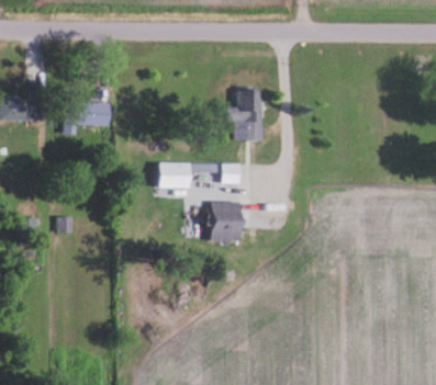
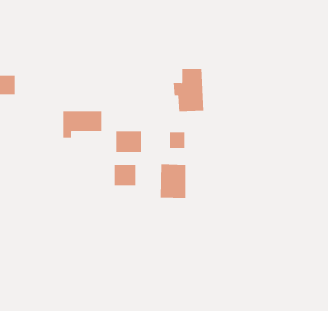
building: [62,101,108,133] -> [62,111,102,138]
building: none -> [114,164,136,186]

